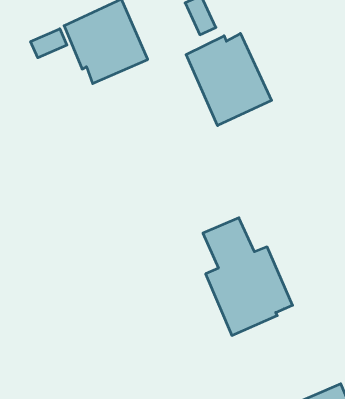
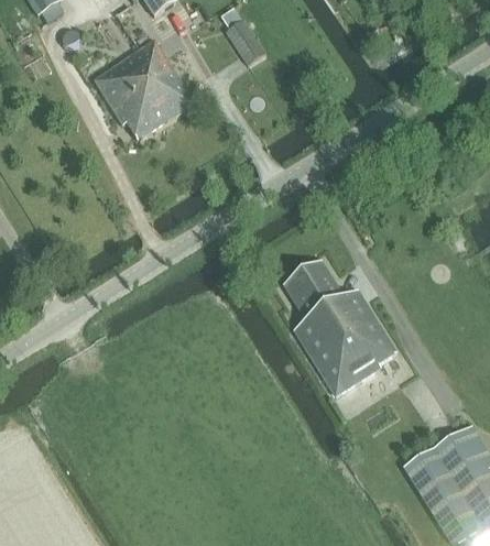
building: [31,29,67,58] -> none
building: [186,33,272,126] -> none

